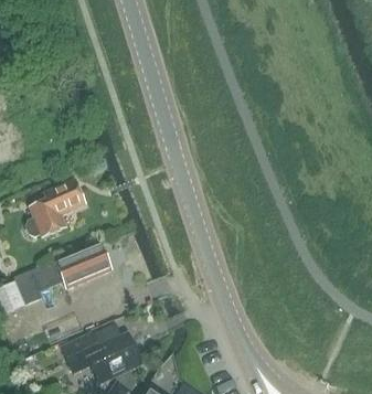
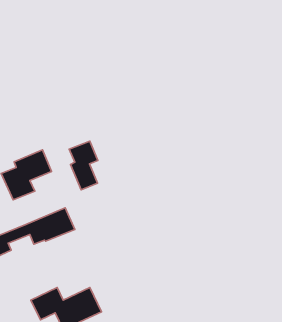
building: none -> [69,141,98,190]

